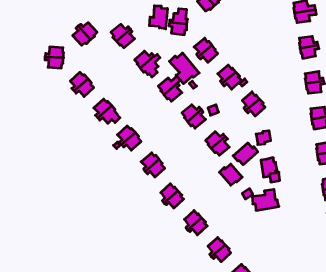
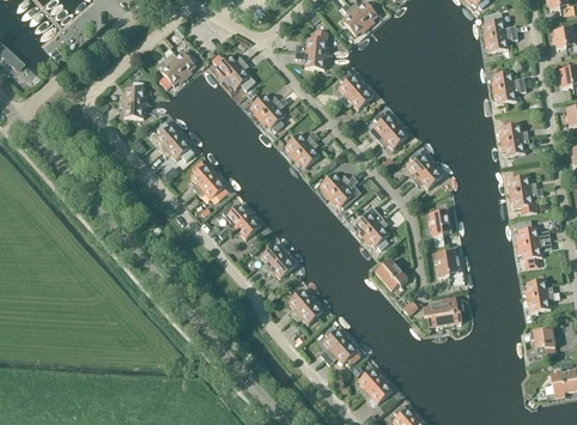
building: [149,6,167,29] -> none
building: [169,53,199,84] -> none
building: [233,143,258,165] -> none

